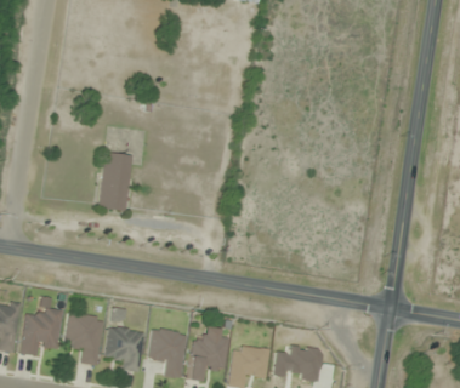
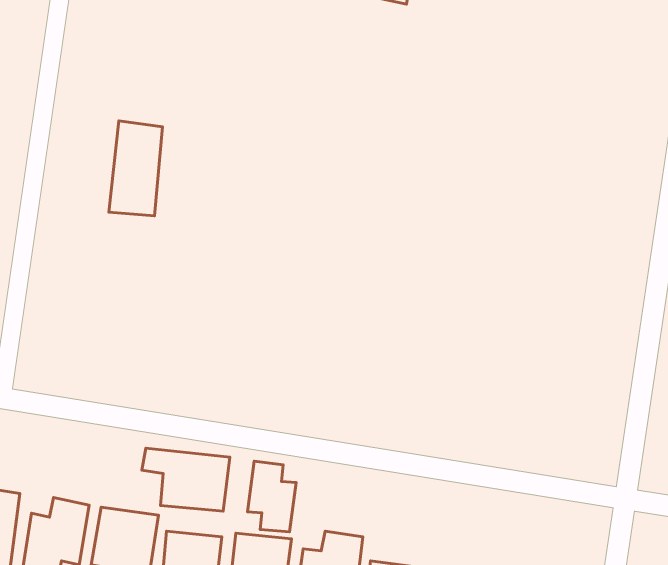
building: [98,152,131,210] -> [109,121,162,216]
building: none -> [142,448,230,511]
building: none -> [247,461,296,532]

